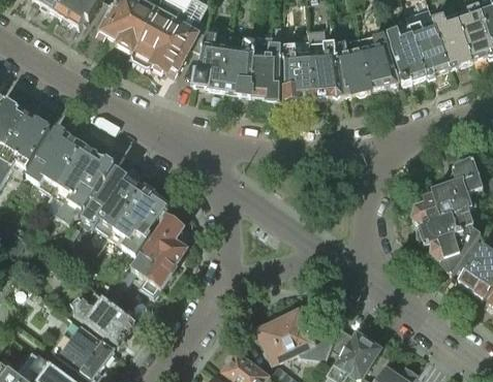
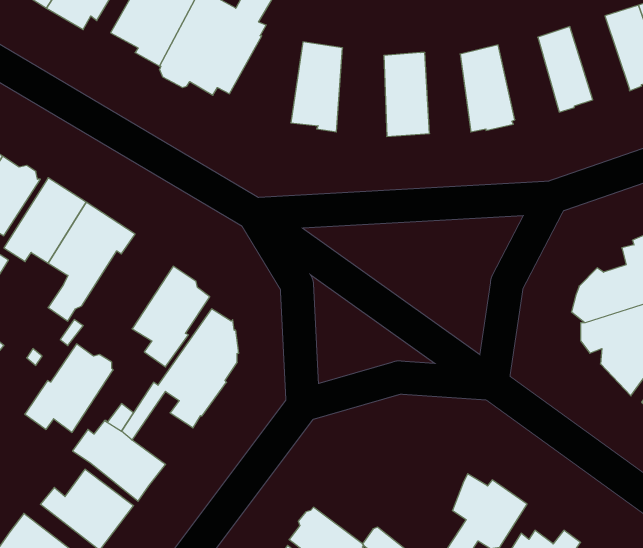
building: [407,15,450,75] -> none
building: [251,21,280,98] -> none
building: [307,29,342,97] -> none
building: [193,32,228,90] -> none
building: [361,32,398,88] -> none
building: [81,169,141,229] -> [25,344,113,432]
building: [258,310,320,361] -> none

